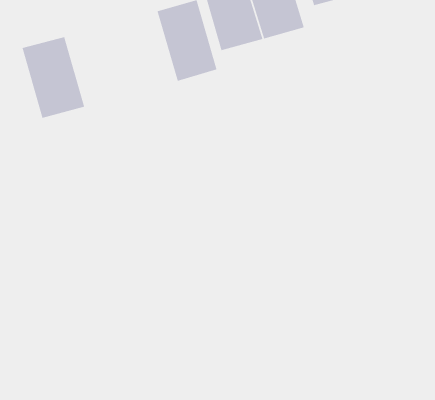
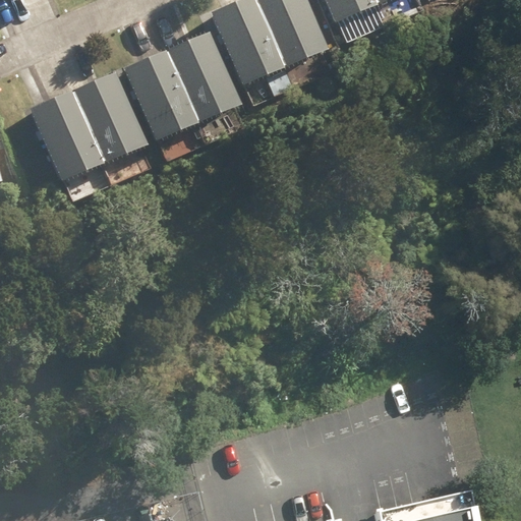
building: none -> [124,50,200,142]
building: none -> [74,71,148,163]

